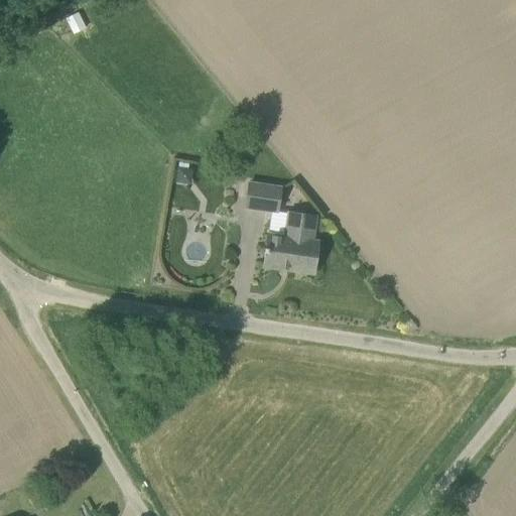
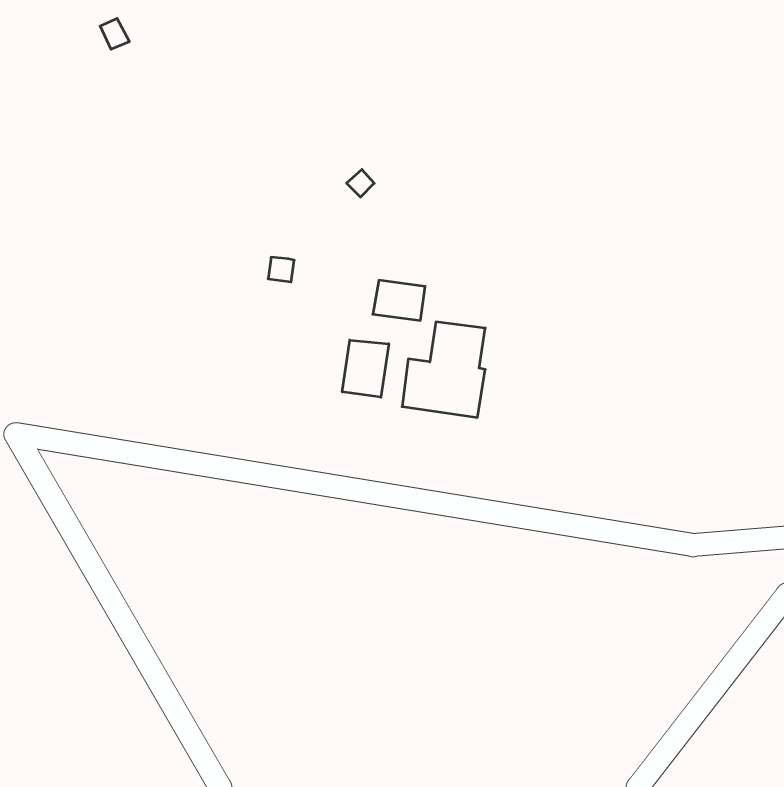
building: none -> [342,340,389,397]

